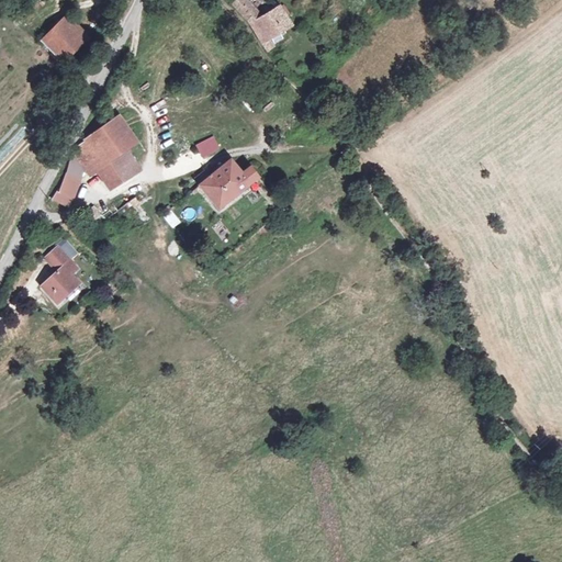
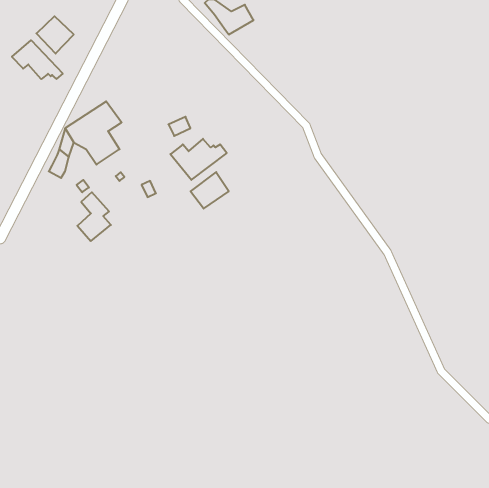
building: none -> [12,40,63,79]
building: none -> [191,172,229,209]
building: [41,247,79,303] -> [77,192,111,241]

